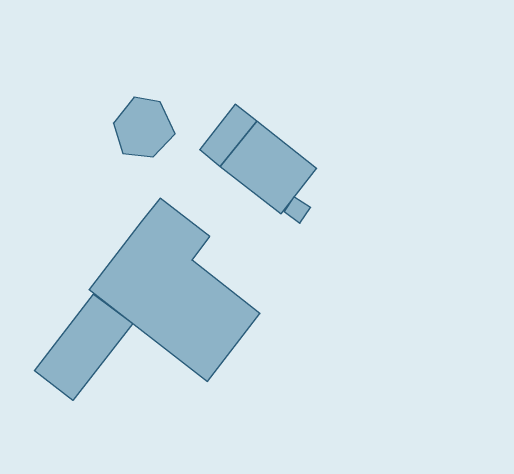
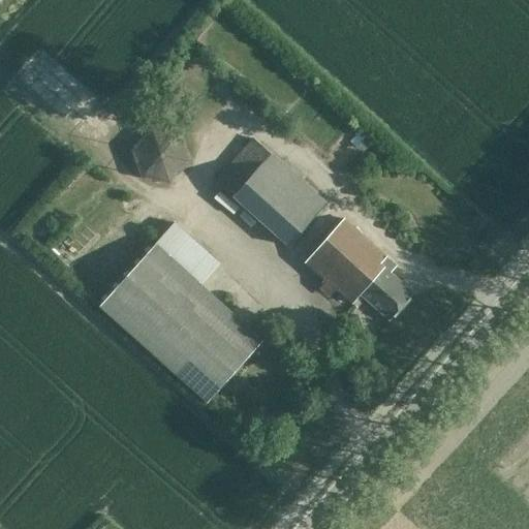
building: none -> [306,219,413,320]
building: [34,294,133,400] -> none

